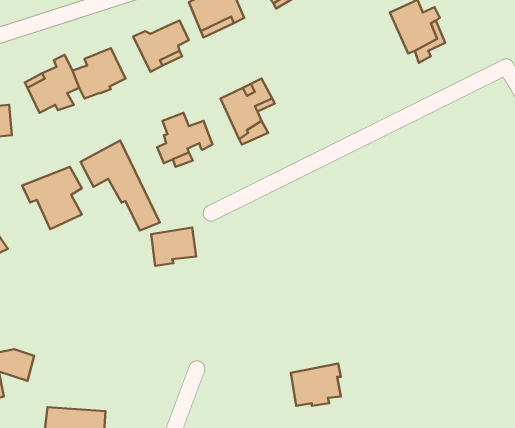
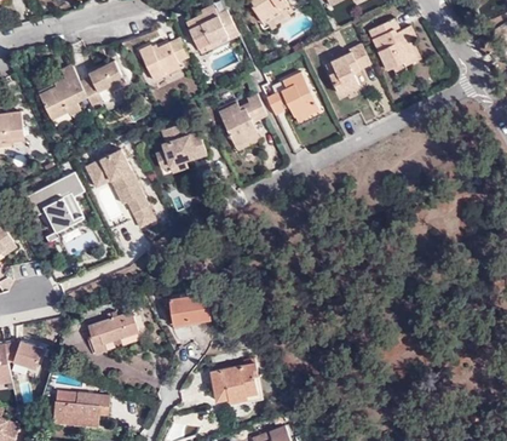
building: none -> [322,39,369,90]
building: none -> [265,69,317,119]
building: [151,228,196,266] -> [168,293,209,328]
building: none -> [88,313,138,355]
building: [291,364,341,406] -> [211,362,257,401]

